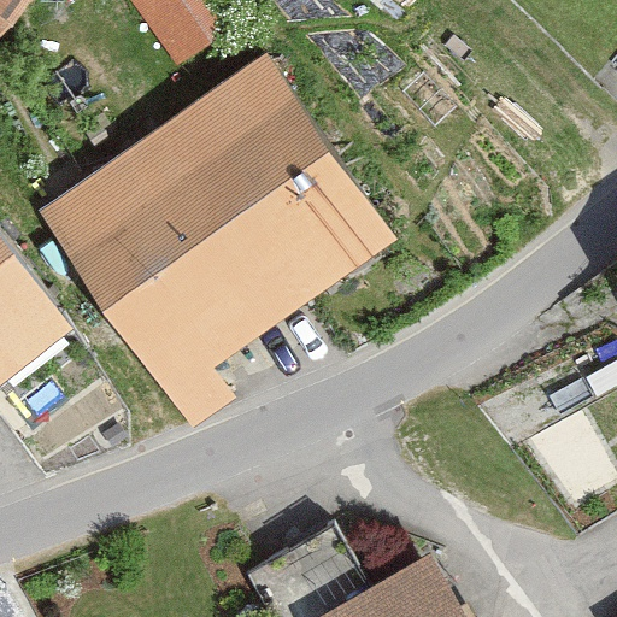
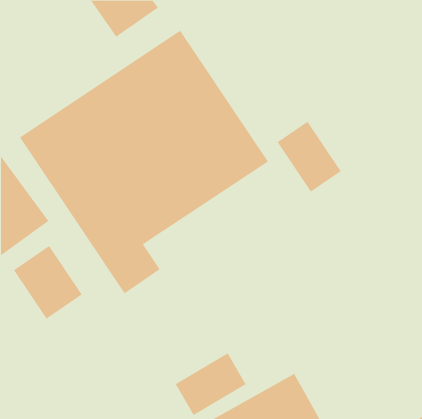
building: none -> [277,121,341,192]
building: none -> [13,245,82,320]

